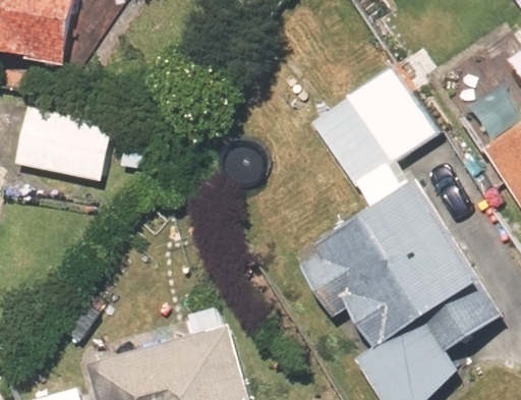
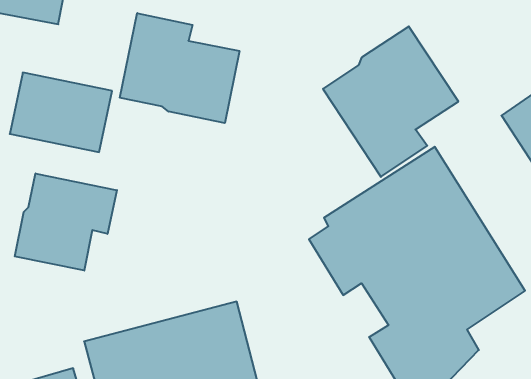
building: none -> [120,13,239,123]
building: none -> [15,173,117,271]

